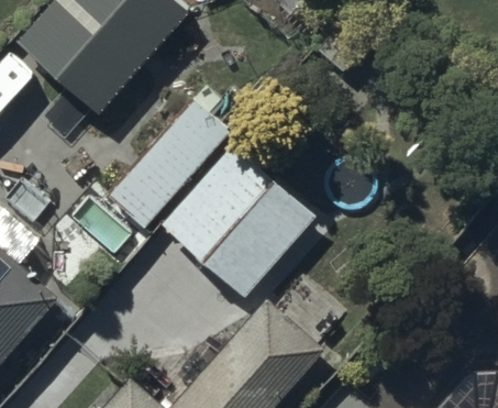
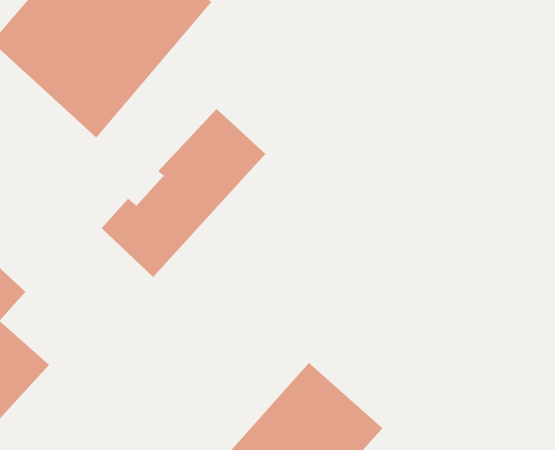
building: [161,143,318,299] -> none

